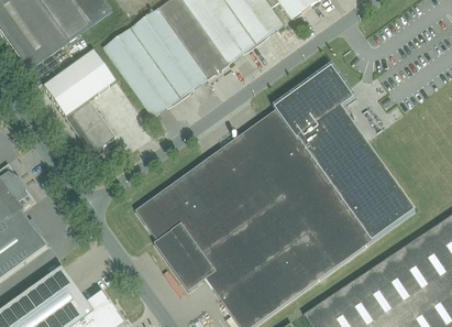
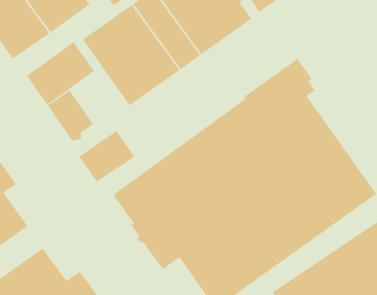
building: none -> [79,130,135,183]

